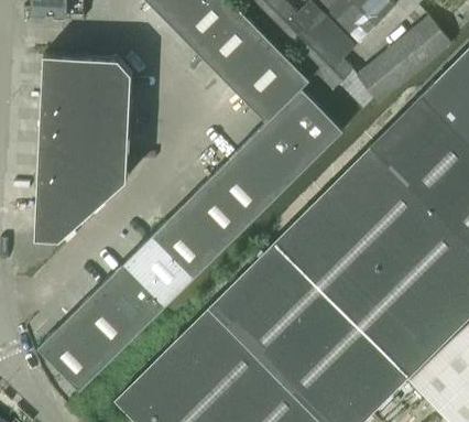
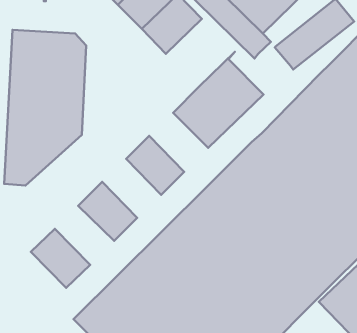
building: [227,41,309,122] -> none
building: [207,153,277,224] -> none
building: [151,208,221,279] -> none
building: [95,264,165,335] -> none
building: [37,320,108,391] -> none

